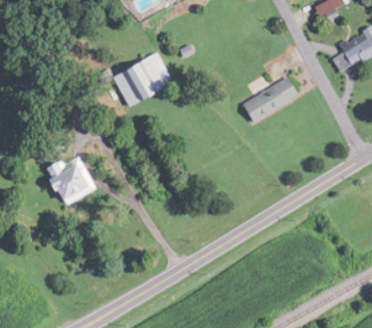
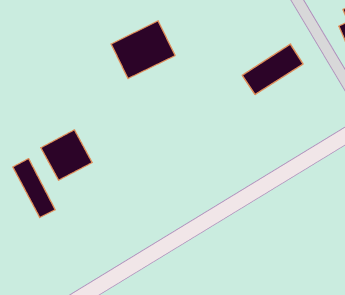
building: none -> [13,159,55,218]

